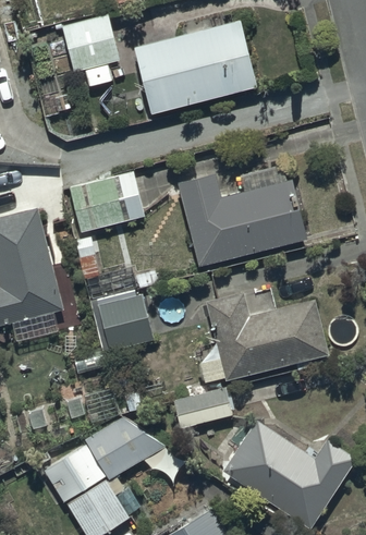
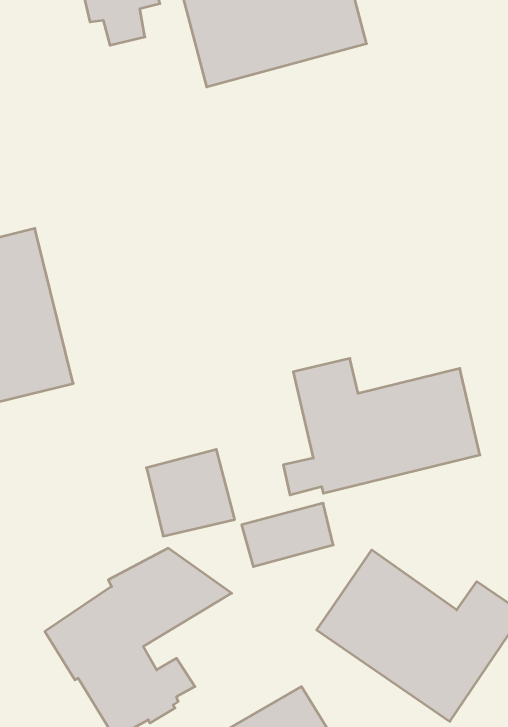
building: [176,166,305,267] -> none
building: [70,172,145,232] -> none
building: [97,293,155,350] -> [146,449,235,536]

